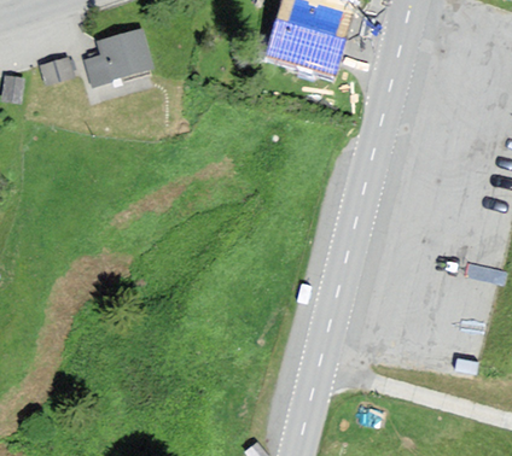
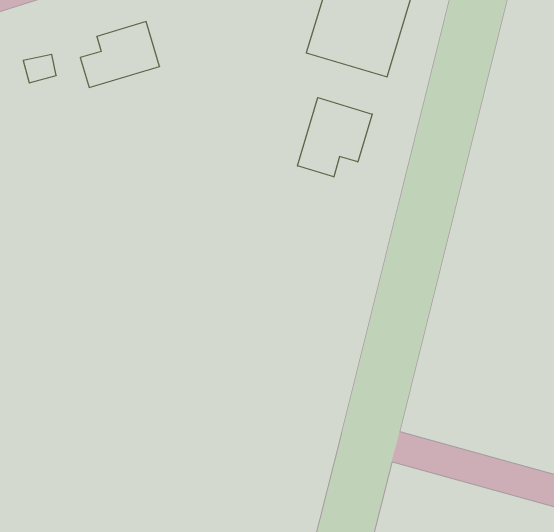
building: none -> [297,98,372,177]

